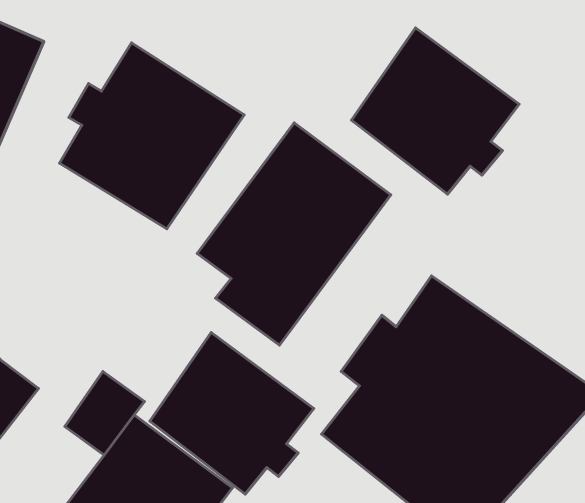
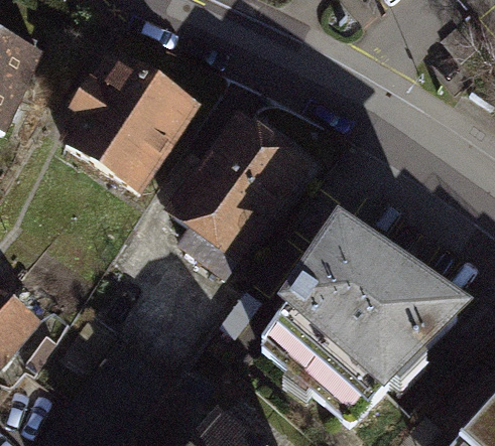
building: [351,28,519,194] -> none
building: [150,333,314,494] -> none

